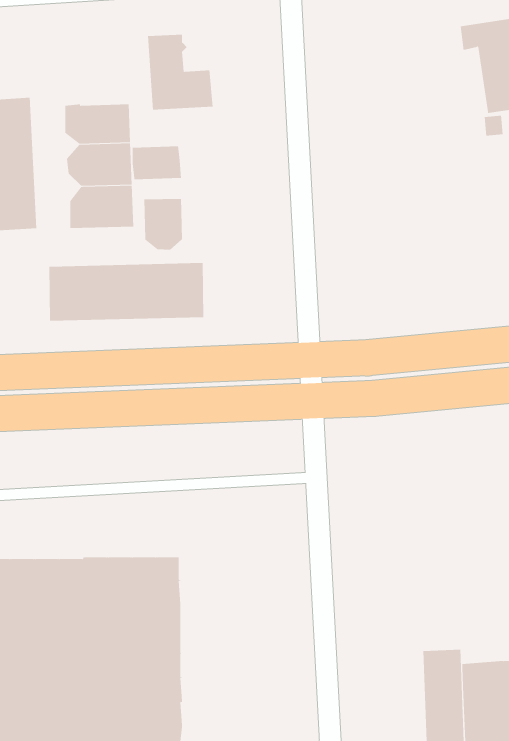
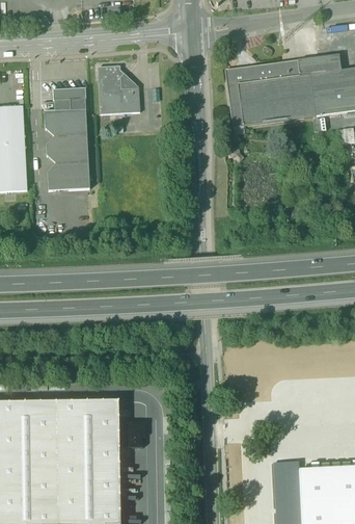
building: none -> [224,59,316,127]
building: [132,146,182,180] -> [54,89,86,111]
building: [144,198,183,251] -> none
building: [49,262,204,322] -> none

